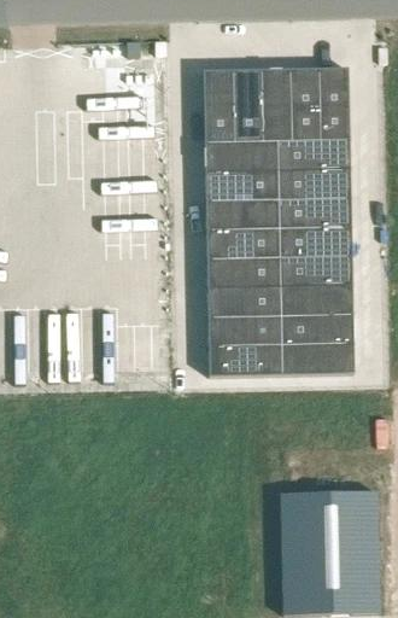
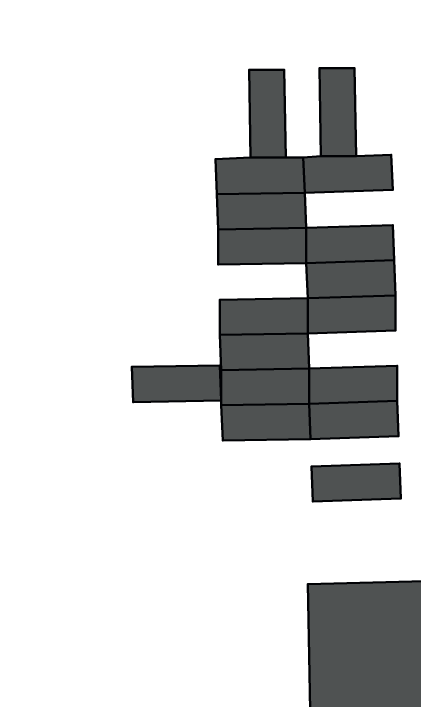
building: [320,68,350,141] -> none
building: [262,69,292,142] -> none
building: [204,70,234,144] -> none
building: [279,169,351,200] -> none
building: [207,229,281,260] -> [132,365,221,402]
building: [281,285,355,316] -> [311,463,401,502]

